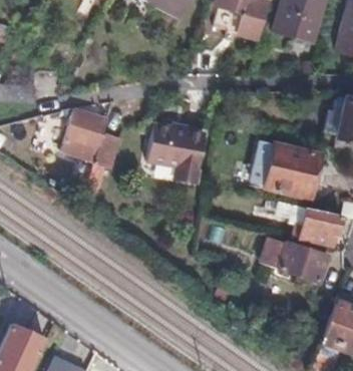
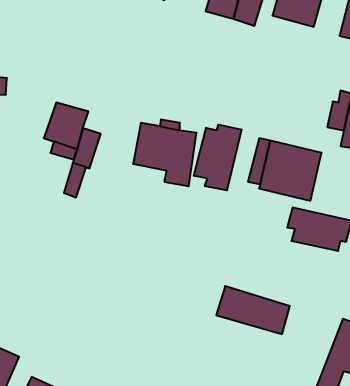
building: none -> [194,125,242,190]
building: [263,239,329,282] -> [216,286,290,334]

